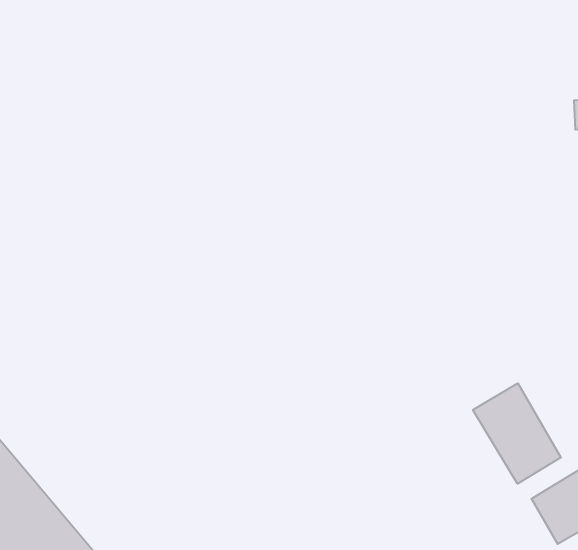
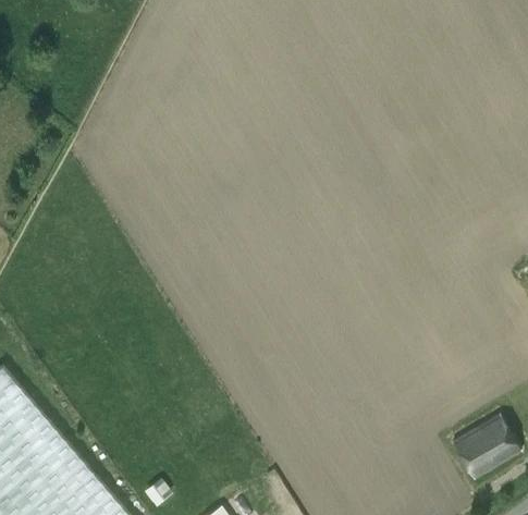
building: [473,383,561,484] -> none

